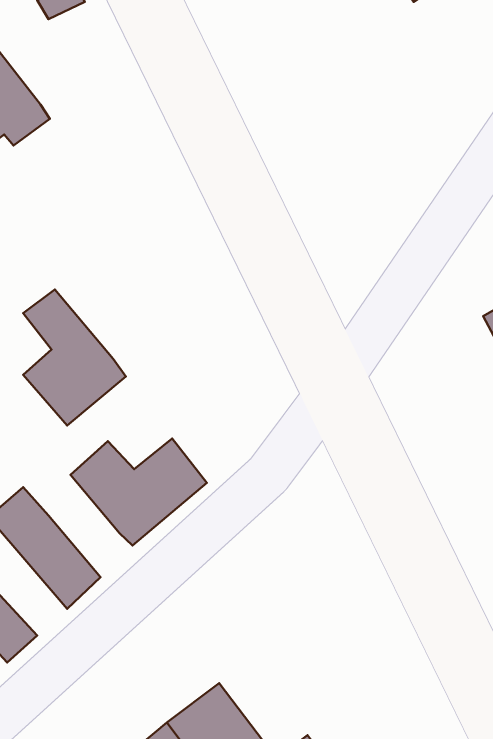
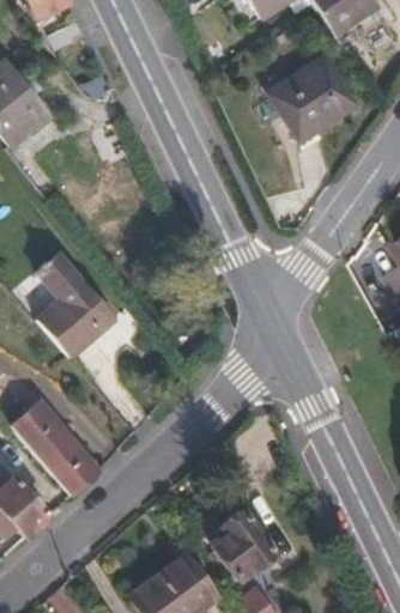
building: none -> [266,55,354,141]
building: [71,439,207,546] -> none
building: none -> [211,511,272,579]

